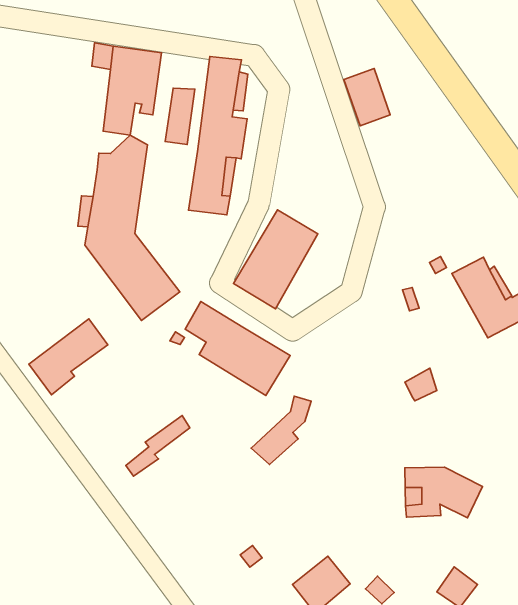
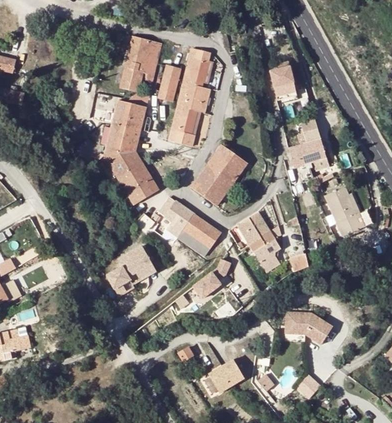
building: none -> [288,117,328,169]
building: none -> [236,211,281,271]
building: [29,319,108,395] -> [103,247,152,291]

